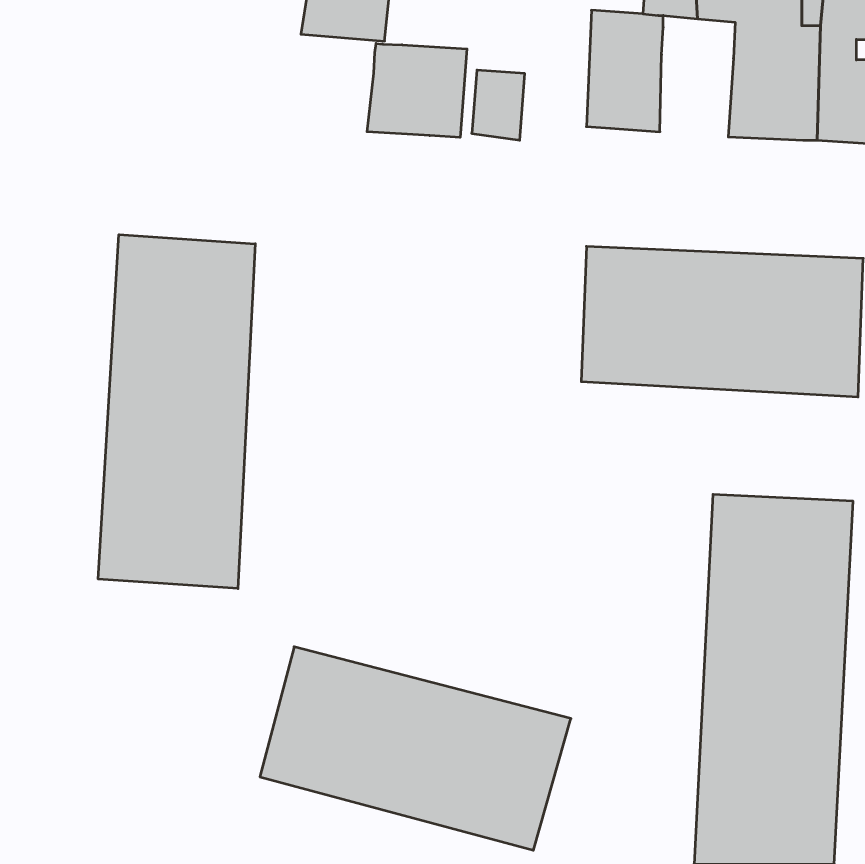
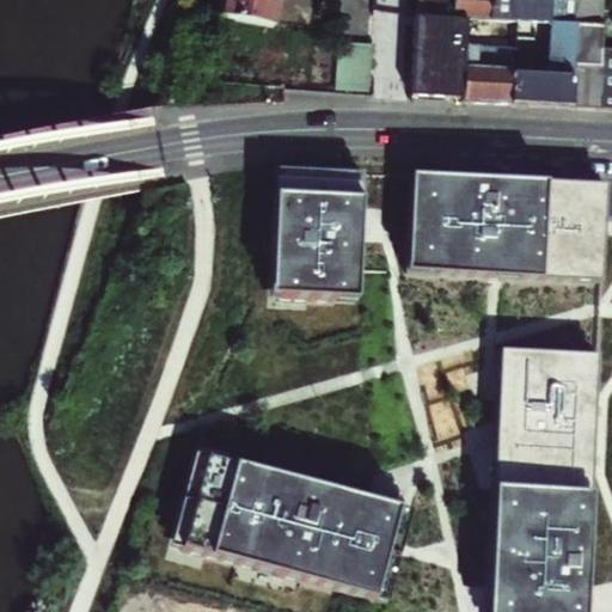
building: [367,43,467,137] -> none
building: none -> [467,38,519,96]
building: [98,235,255,589] -> none
building: none -> [275,165,368,295]

